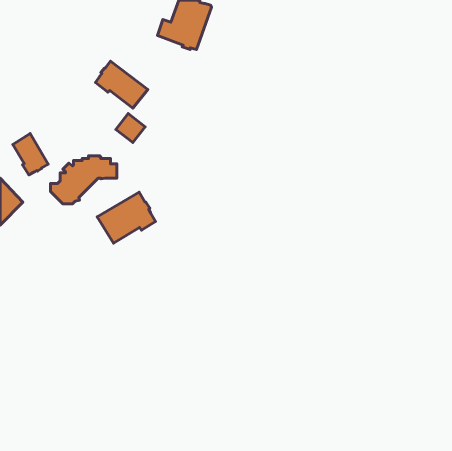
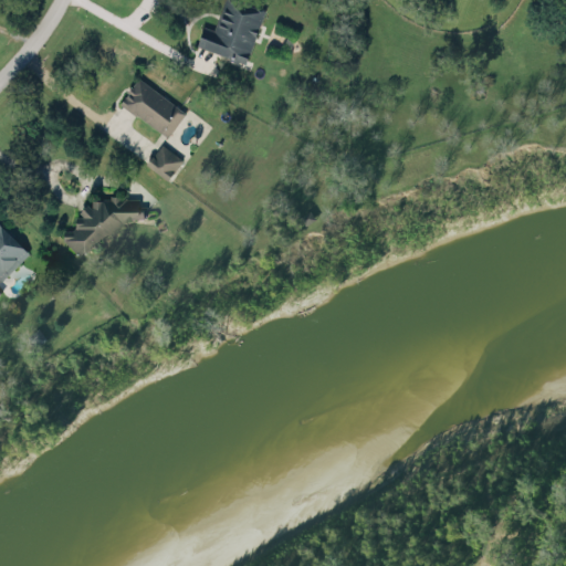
building: [13,134,48,175] -> none
building: [97,192,155,243] -> none

